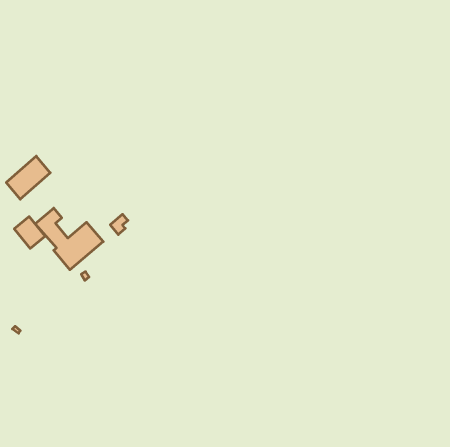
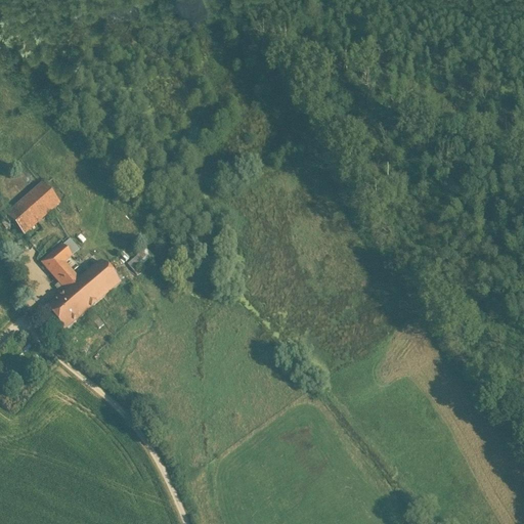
building: [14,217,45,248] -> [46,291,82,328]

